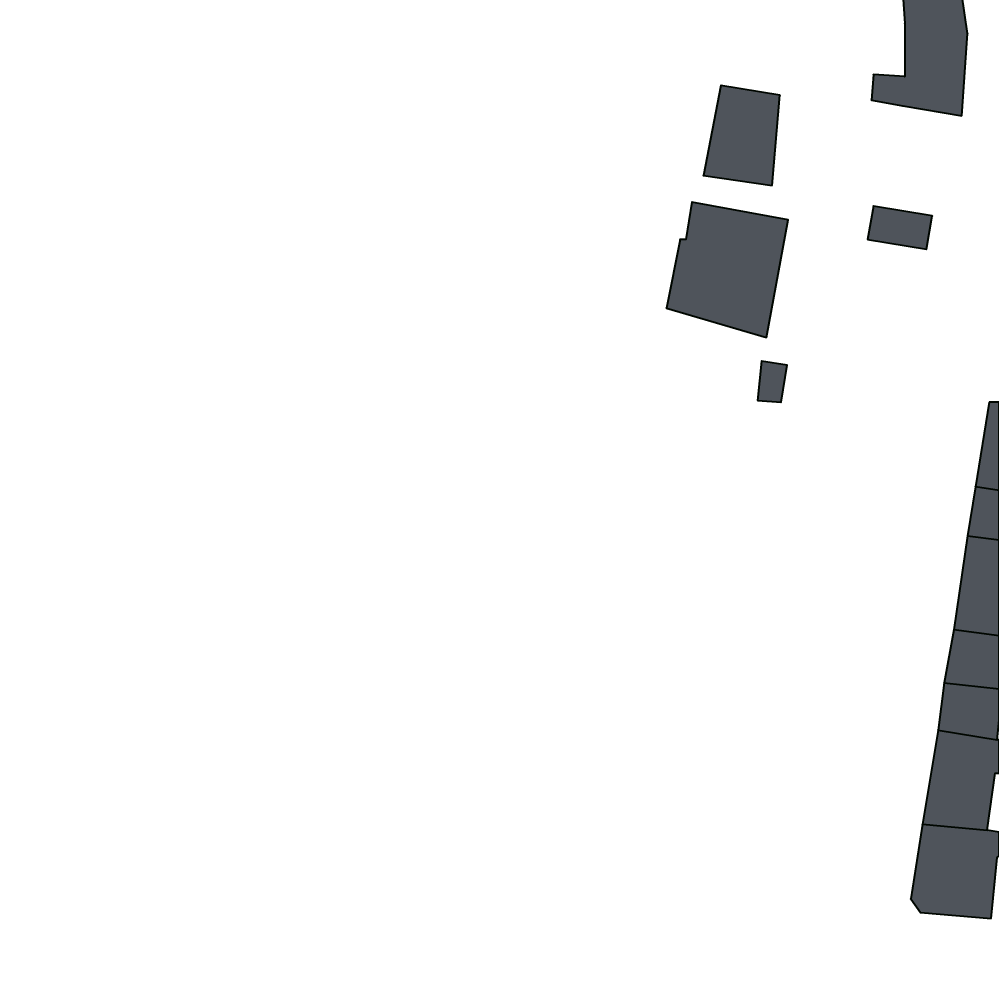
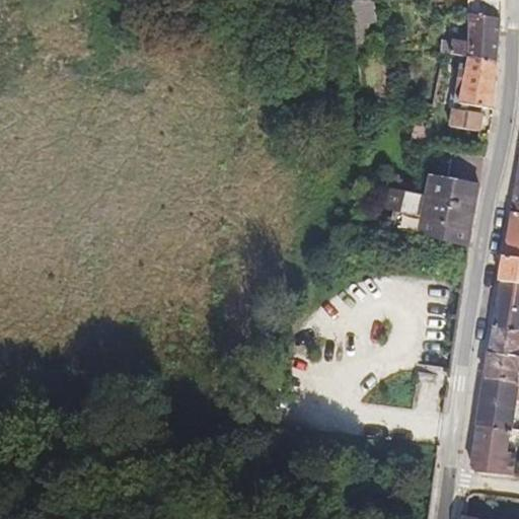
building: [703,85,780,185] -> [457,55,497,106]
building: [666,202,788,337] -> [416,175,478,245]

